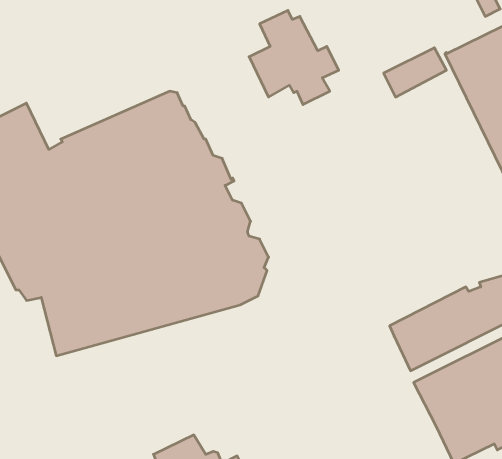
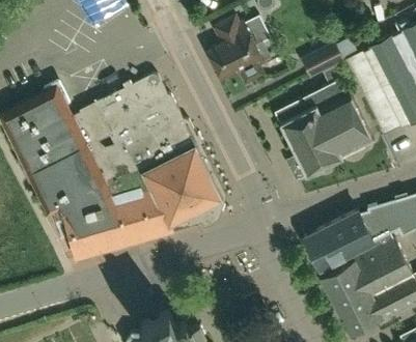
building: none -> [278,66,376,180]

